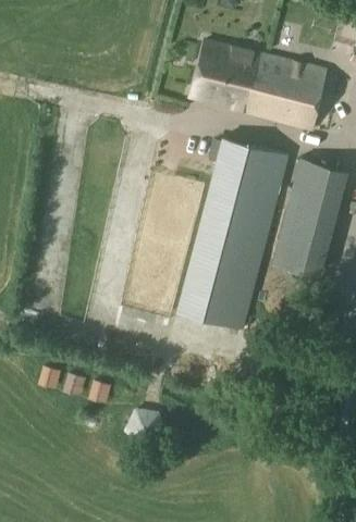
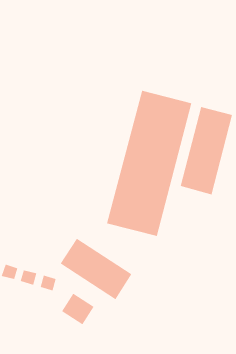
building: [191,40,327,129] -> none
building: none -> [60,238,132,300]

